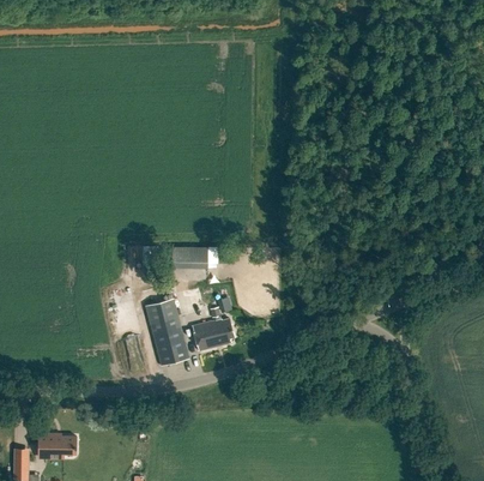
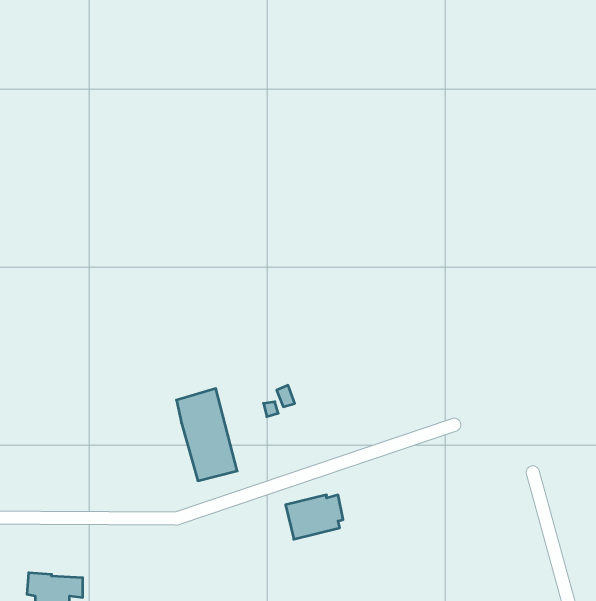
building: [171,245,207,265] -> none
building: [192,319,234,351] -> [286,495,343,539]

